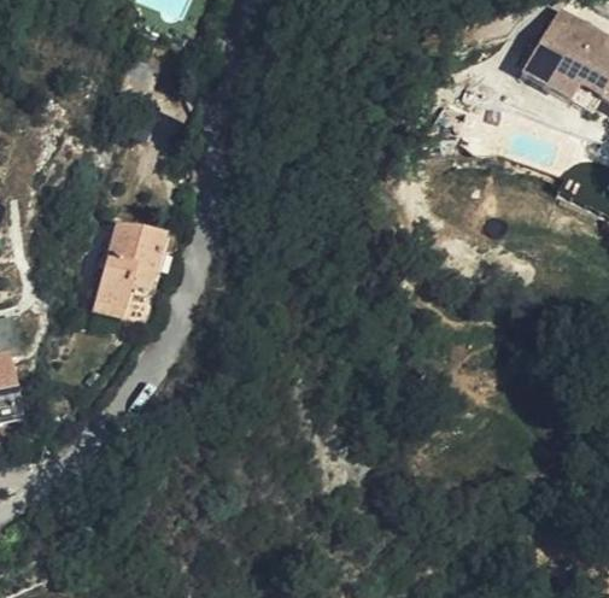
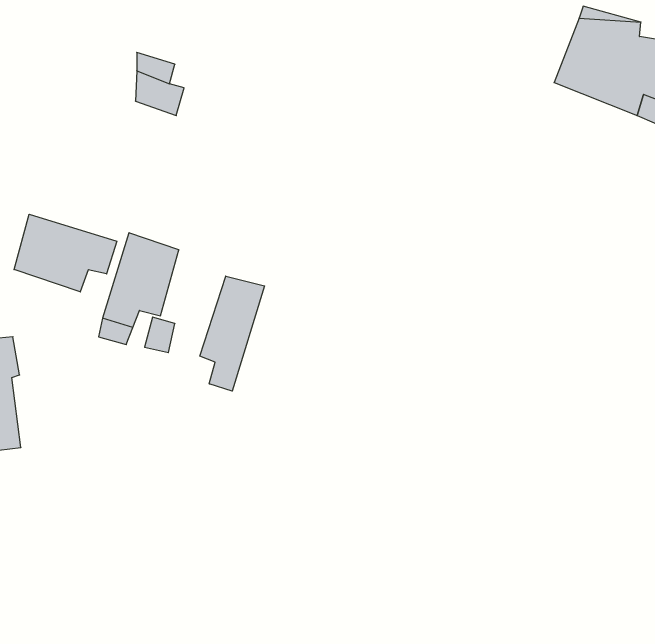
building: none -> [14,214,117,292]
building: none -> [200,276,265,391]

